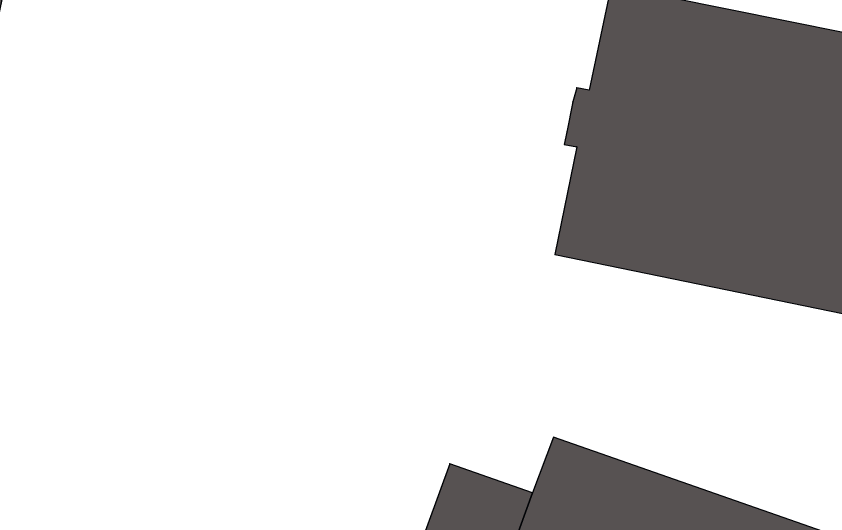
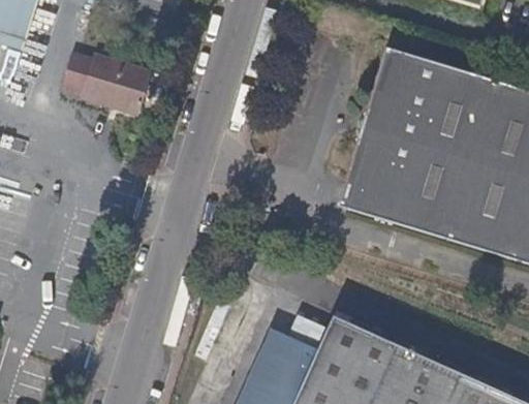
building: none -> [61,53,151,116]

